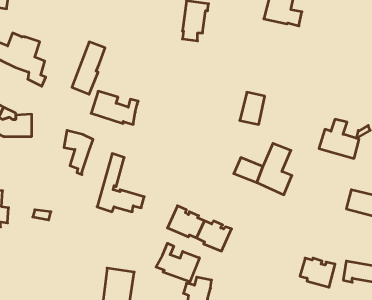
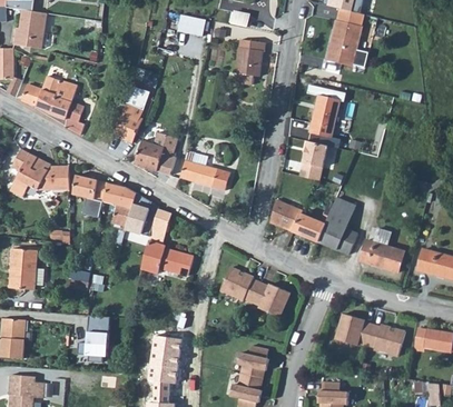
building: none -> [307,85,346,137]
building: none -> [180,151,230,190]
building: [319,119,359,158] -> [360,229,404,272]
building: none -> [72,176,108,217]
building: none -> [269,200,302,231]
building: none -> [125,206,150,236]
building: [156,243,199,282] -> none
building: none -> [336,314,372,346]
building: none -> [85,316,107,358]

